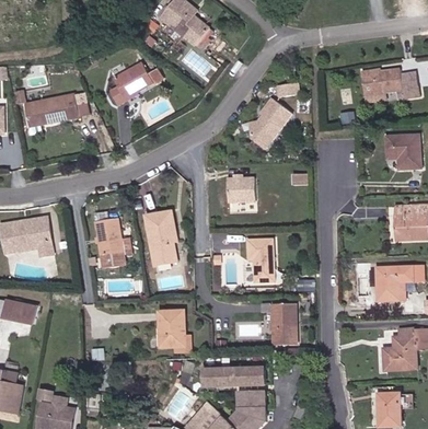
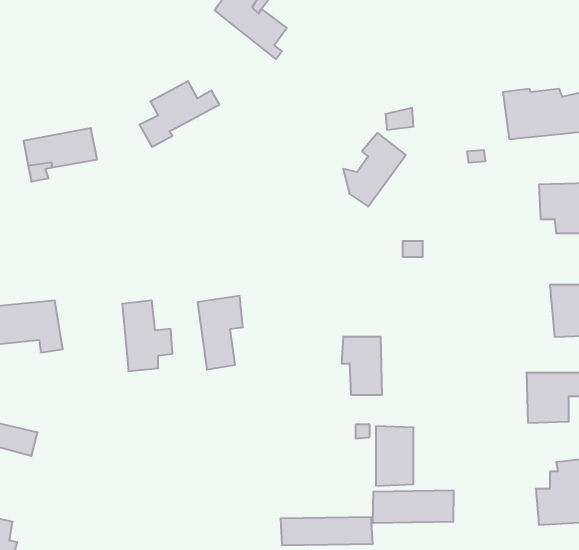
building: [224,176,253,199] -> none
building: [158,309,192,353] -> none
building: none -> [373,490,454,523]

